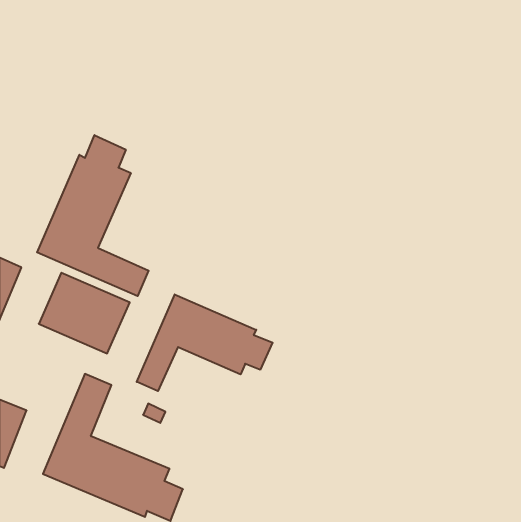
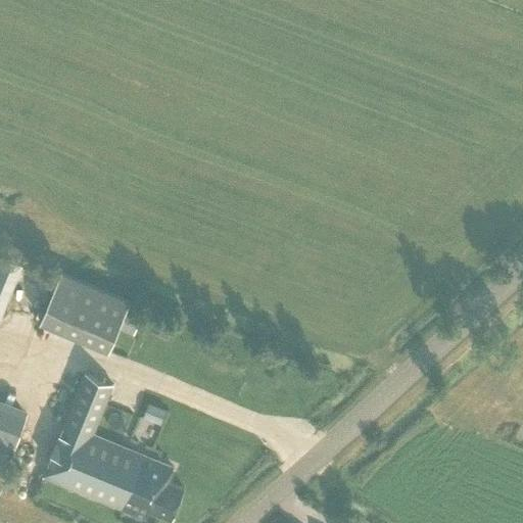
building: [37,135,149,296] -> none
building: [137,294,273,391] -> none

